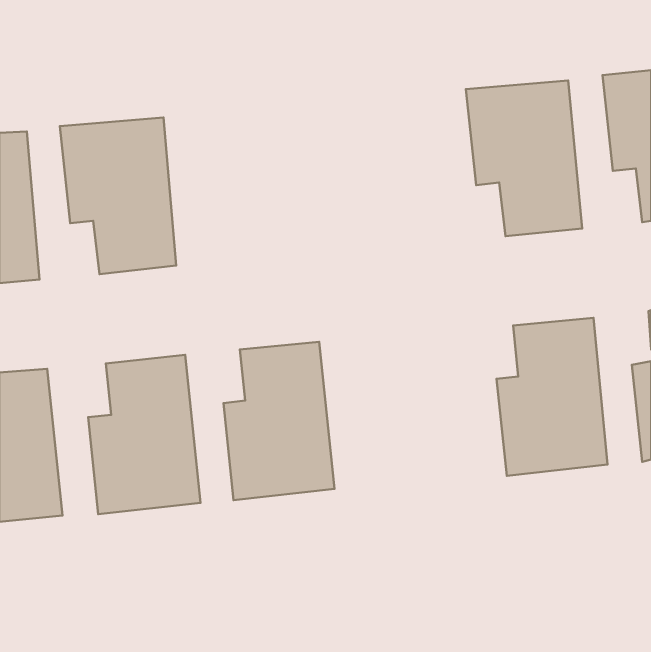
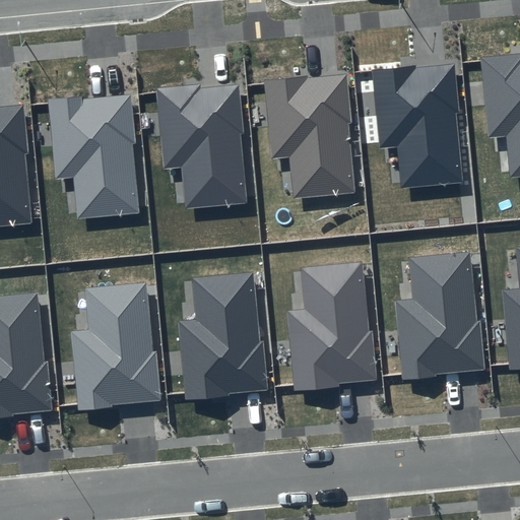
building: none -> [263,74,355,198]
building: none -> [155,82,248,207]
building: none -> [285,262,375,389]

